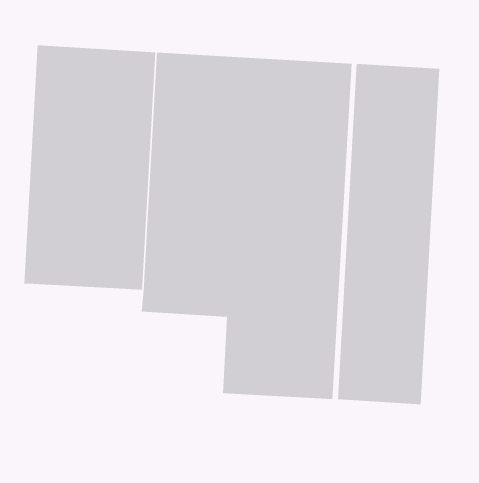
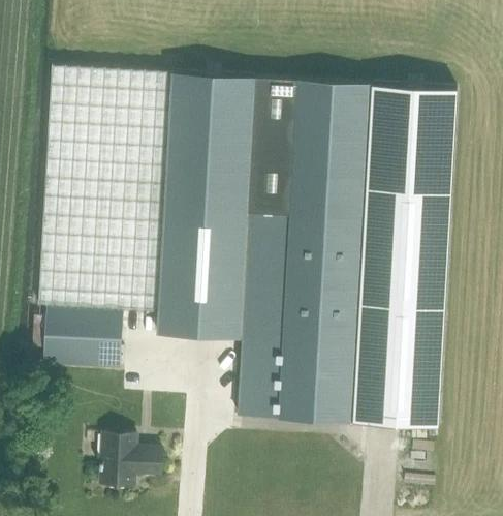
building: none -> [33,306,122,369]
building: none -> [100,431,160,484]

